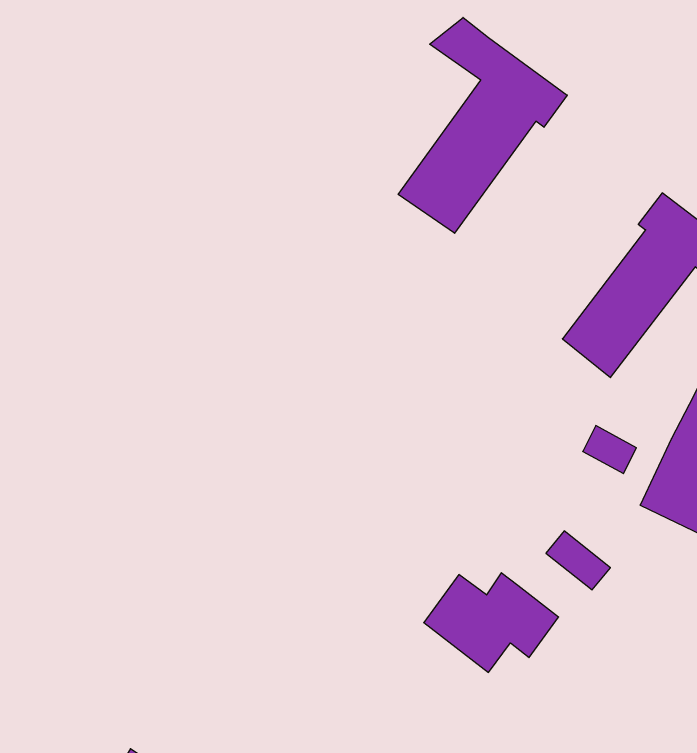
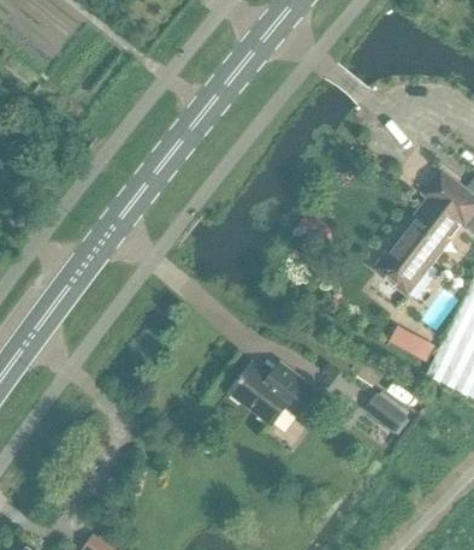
building: [398,17,567,233] -> none
building: [424,573,559,672] -> [231,361,319,426]

